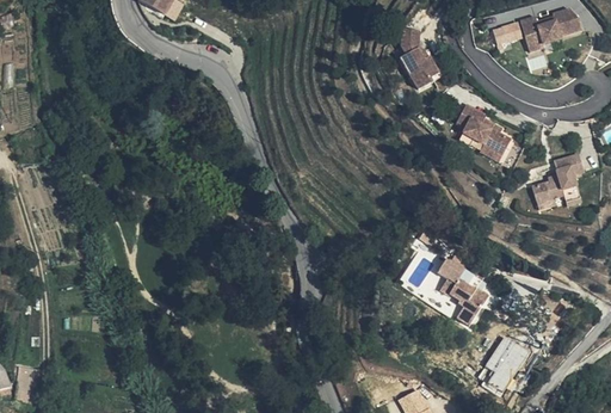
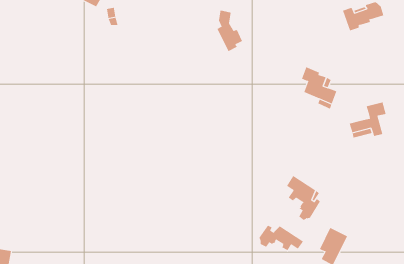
building: [492,20,523,47] -> none
building: [399,25,437,86] -> [217,10,243,52]
building: none -> [259,225,304,251]

